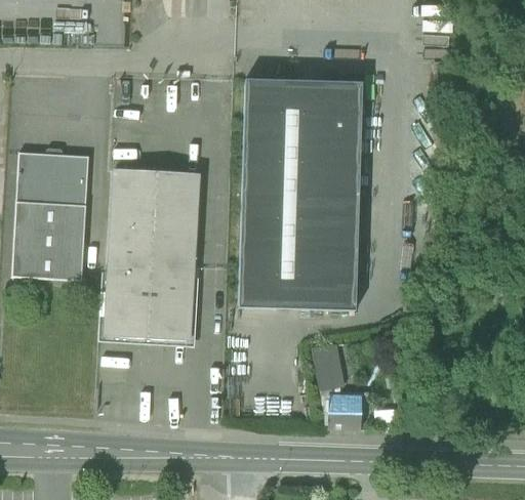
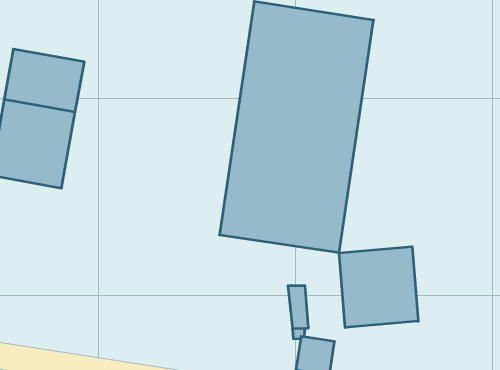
building: [105,169,198,339] -> none
building: none -> [339,247,418,328]

